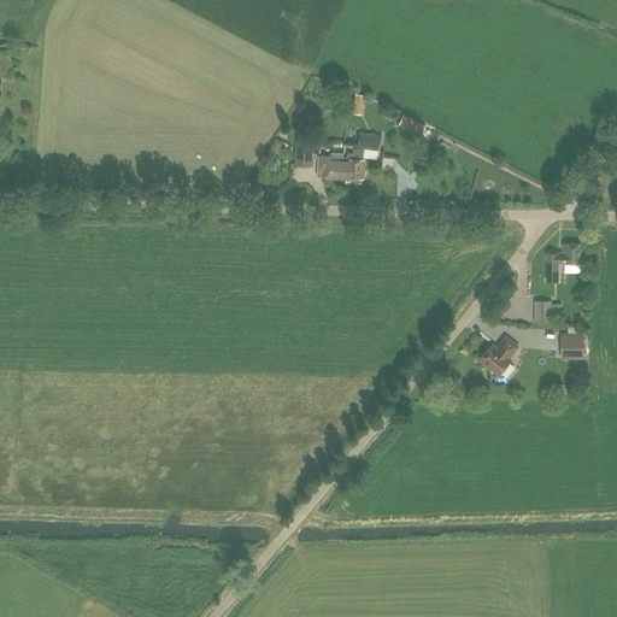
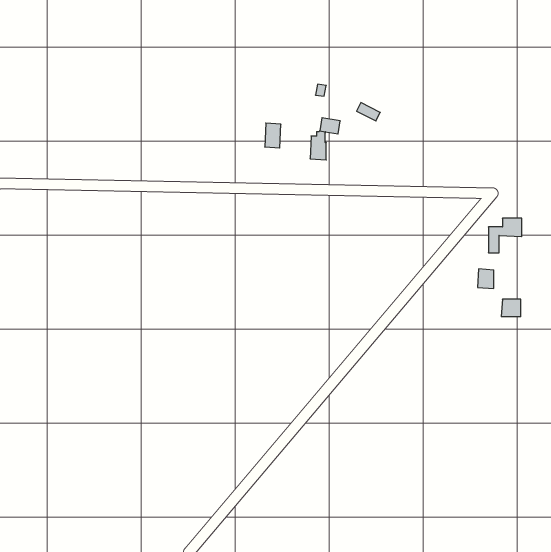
building: [318,152,347,177] -> none
building: [478,336,517,374] -> none

